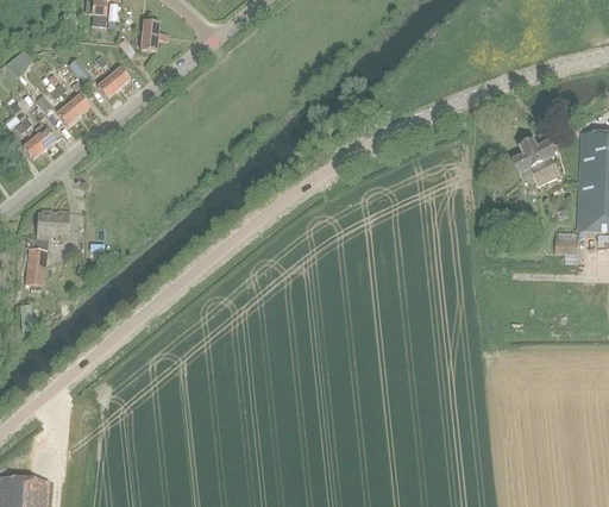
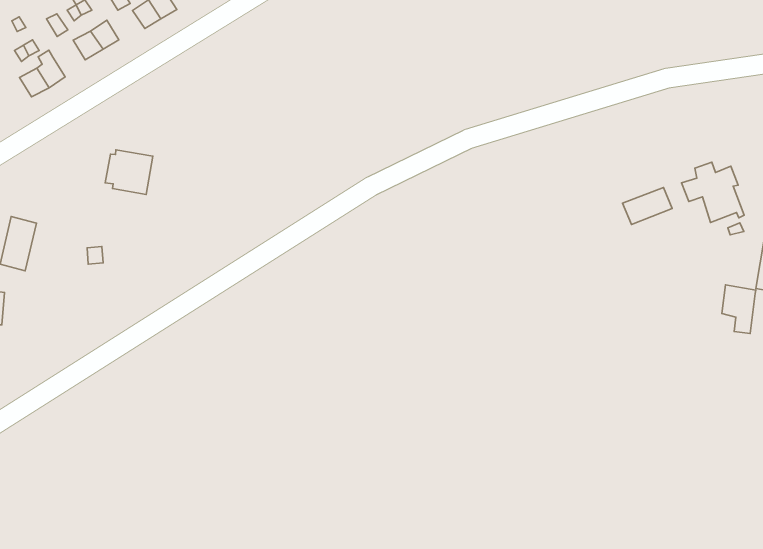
building: none -> [623,187,672,224]
building: [37,207,69,237] -> [105,150,153,195]

